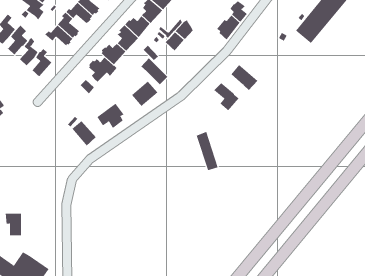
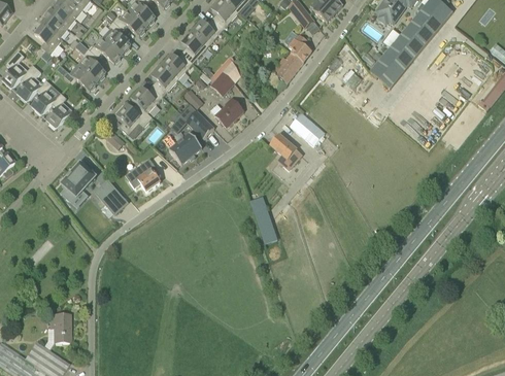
building: none -> [211,96,244,126]
building: none -> [61,162,96,201]
building: [5,213,22,236] -> [49,313,70,341]

